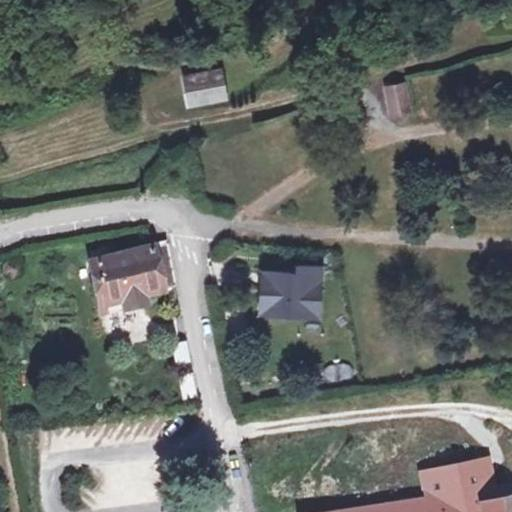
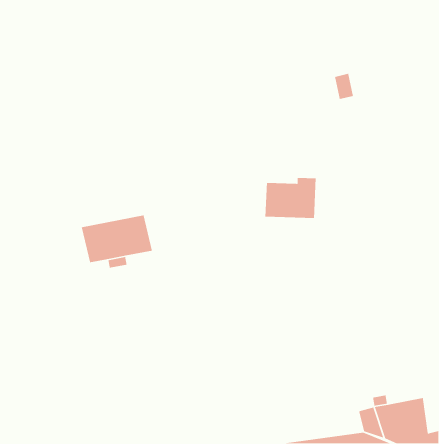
building: [182,73,225,107] -> none
building: [261,267,321,315] -> [265,177,317,219]

